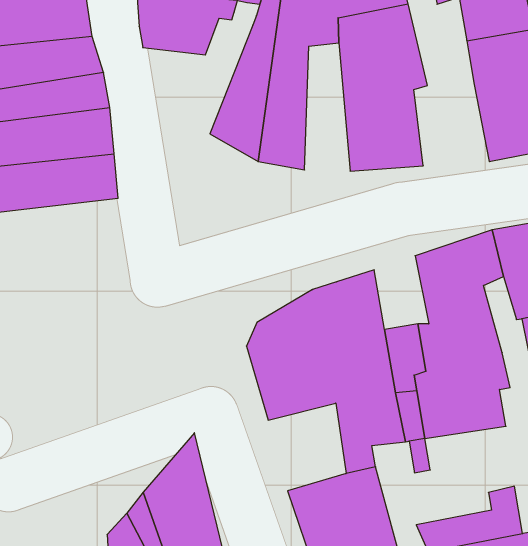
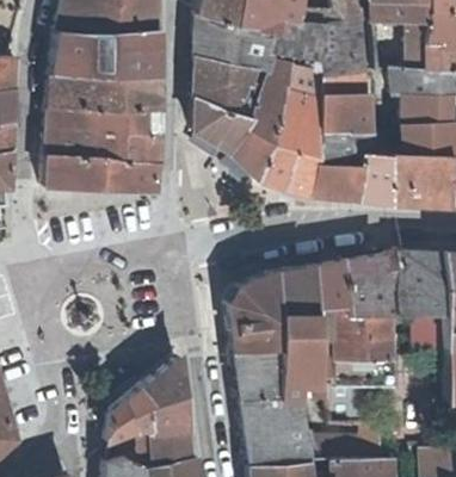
building: none -> [190,81,266,156]
building: none -> [284,110,321,197]
building: none -> [363,134,407,206]
building: none -> [319,260,349,306]
building: none -> [232,348,278,401]

